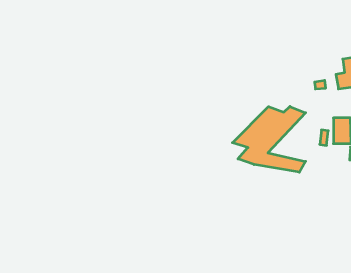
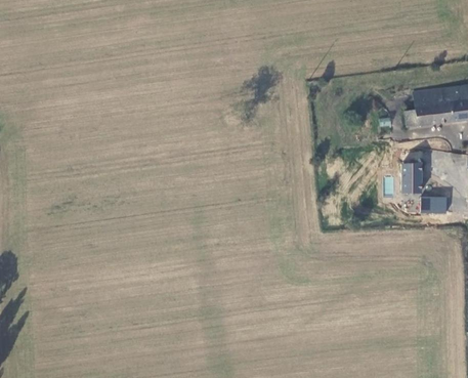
building: [232,106,306,172] -> none

